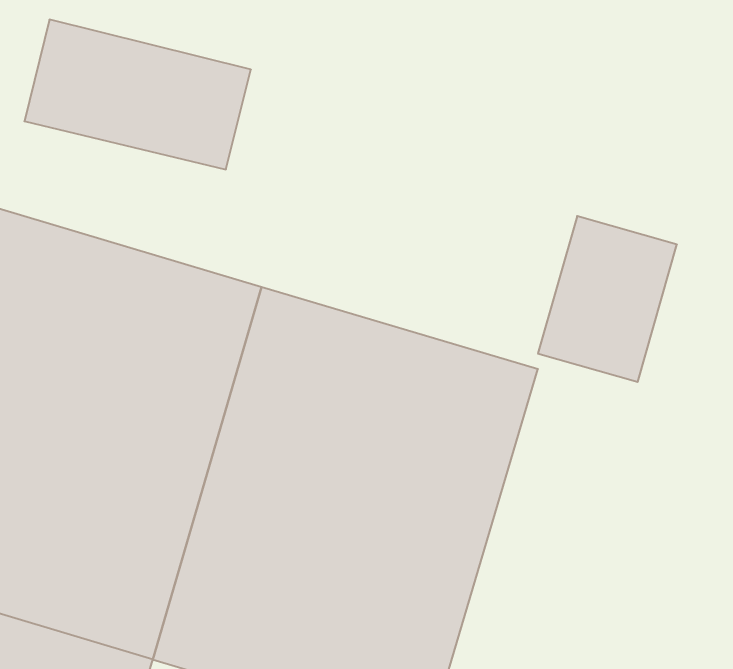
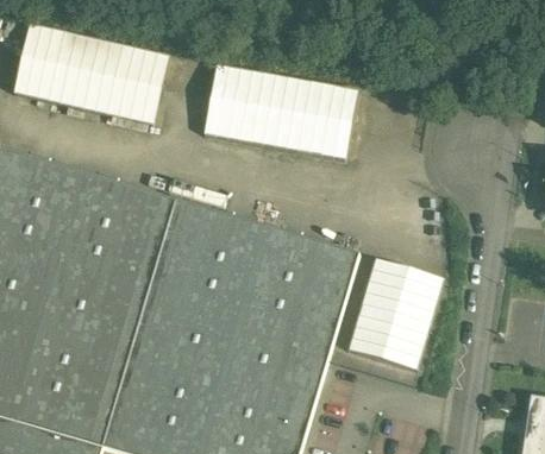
building: none -> [209,69,362,165]
building: [538,216,677,382] -> [347,257,440,367]

